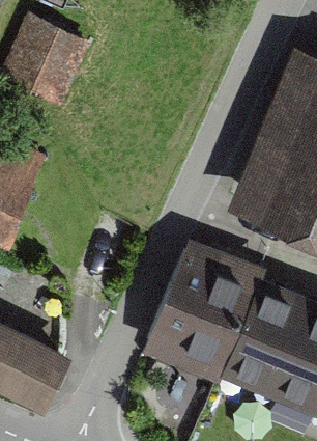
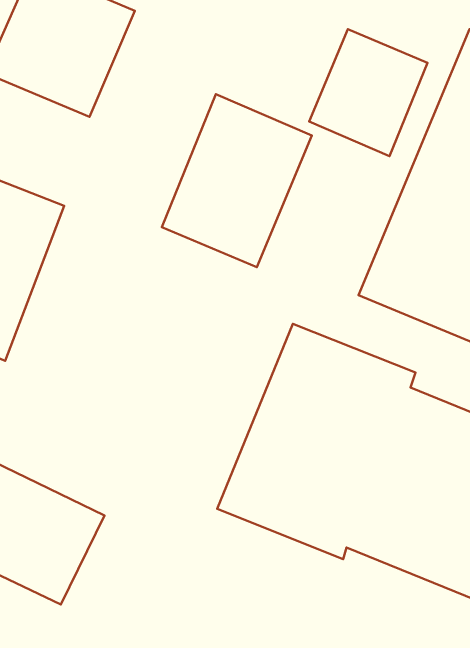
building: none -> [309,29,427,156]
building: none -> [162,94,312,267]

